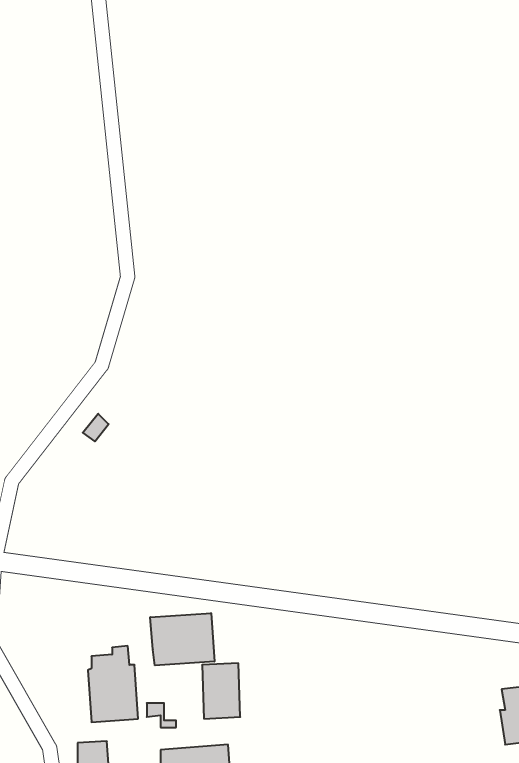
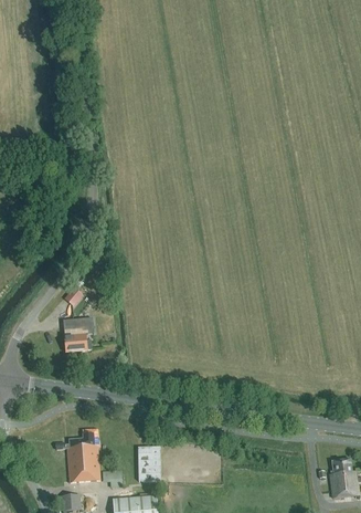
building: none -> [63,317,92,352]
building: [150,613,214,665] -> none

